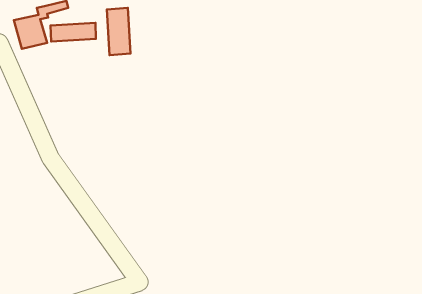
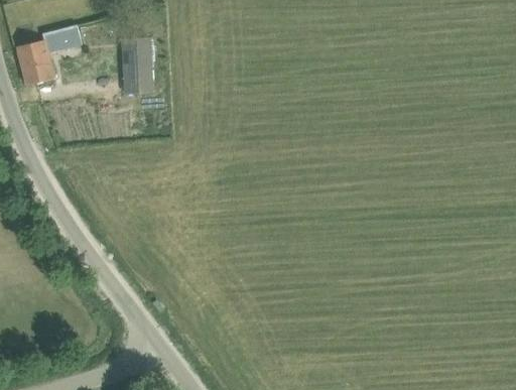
building: [51,23,96,41] -> none

